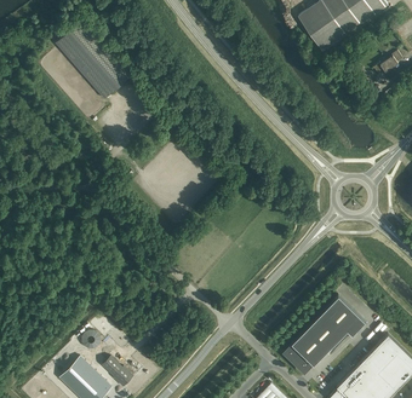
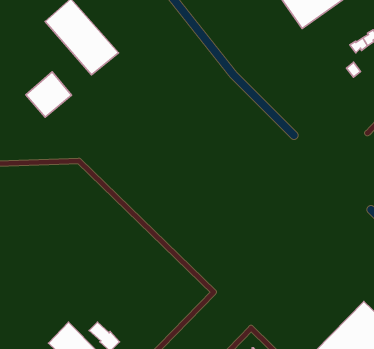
building: none -> [26,72,72,117]
building: [284,295,365,369] -> none

